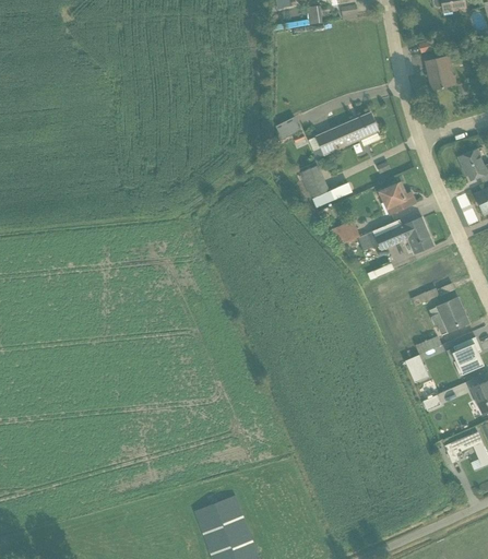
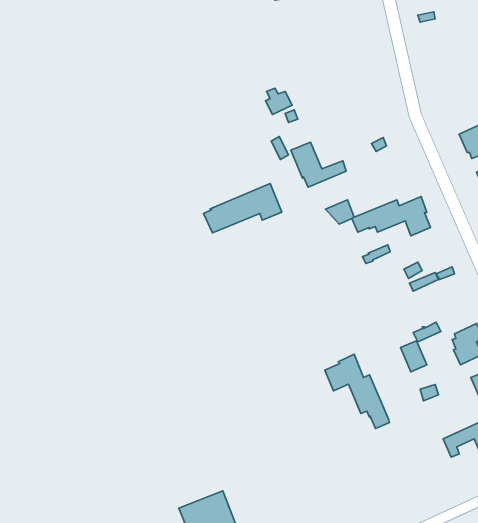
building: [425,55,455,90] -> none
building: [308,111,382,158] -> [203,183,282,233]
building: [377,180,416,215] -> none
building: [430,298,468,335] -> none
building: none -> [325,354,390,428]

